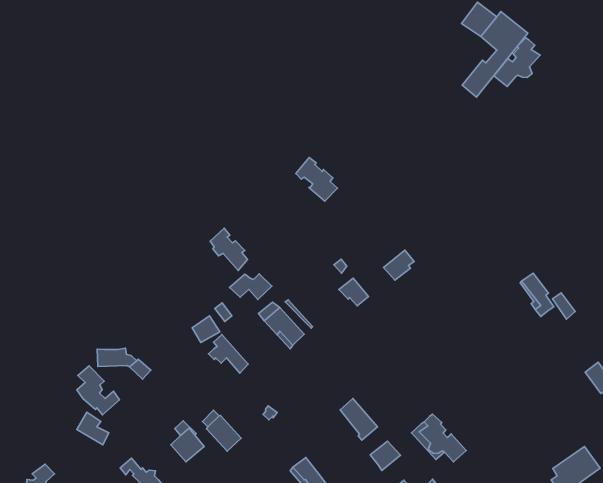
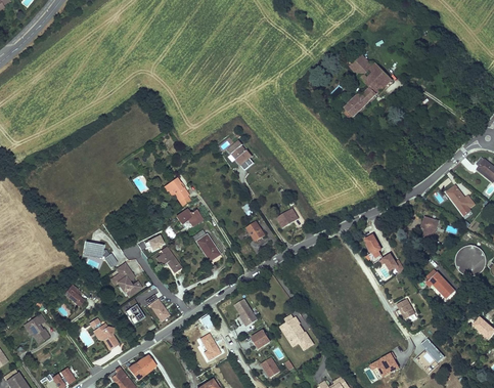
building: [494,38,540,87] -> none
building: [77,366,119,415] -> [114,262,140,295]

